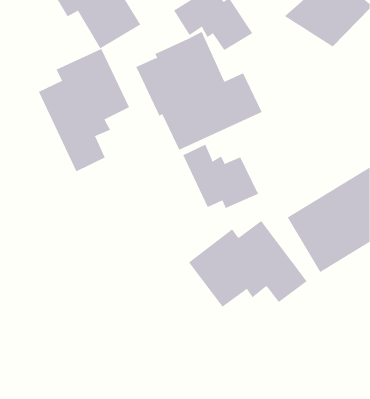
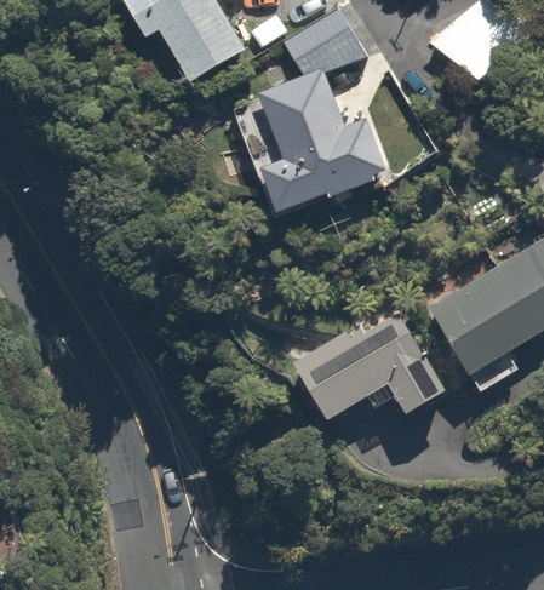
building: [38,48,130,172] -> none
building: [182,144,259,209] -> none

